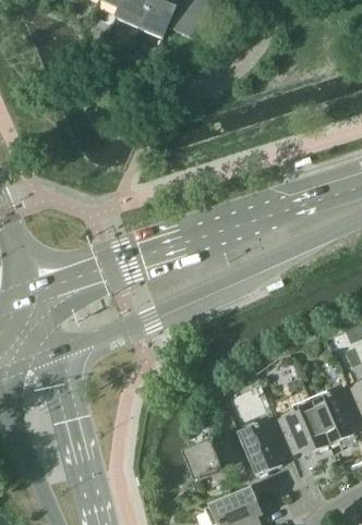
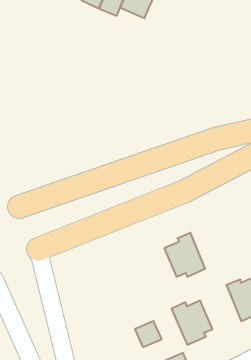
building: [274,396,328,455] -> [164,233,205,277]

